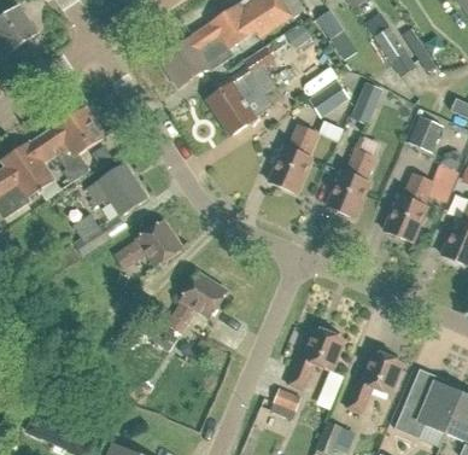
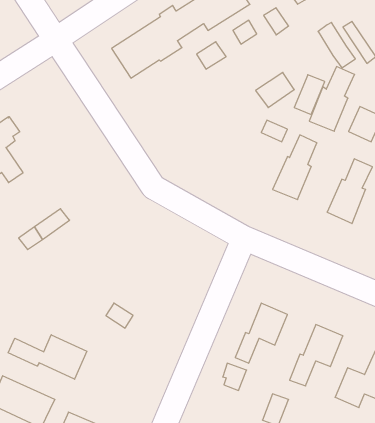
building: [206,76,256,135] -> none
building: [47,104,105,182] -> none
building: [270,123,318,192] -> [309,67,355,131]
building: [86,163,146,216] -> none
building: [113,220,182,268] -> none
building: [170,274,229,334] -> none
building: none -> [8,335,87,379]

